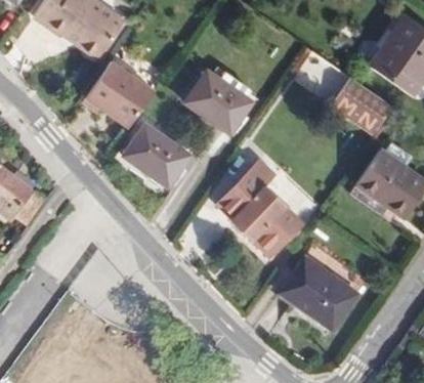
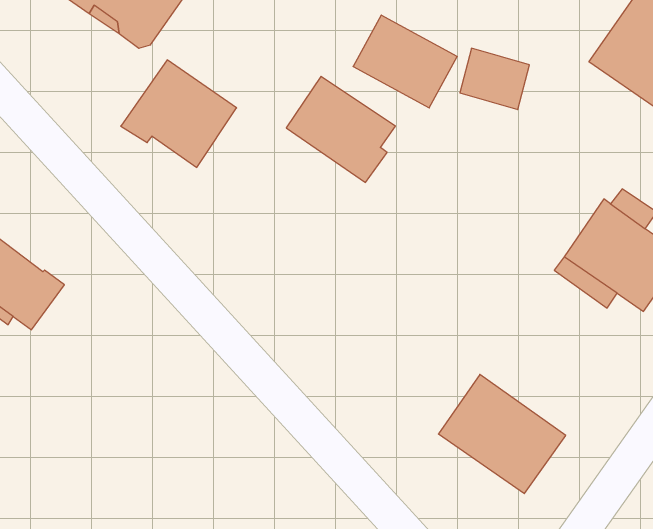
building: [324,76,388,133] -> [353,15,457,108]
building: [122,124,189,192] -> none
building: [217,164,301,257] -> none

